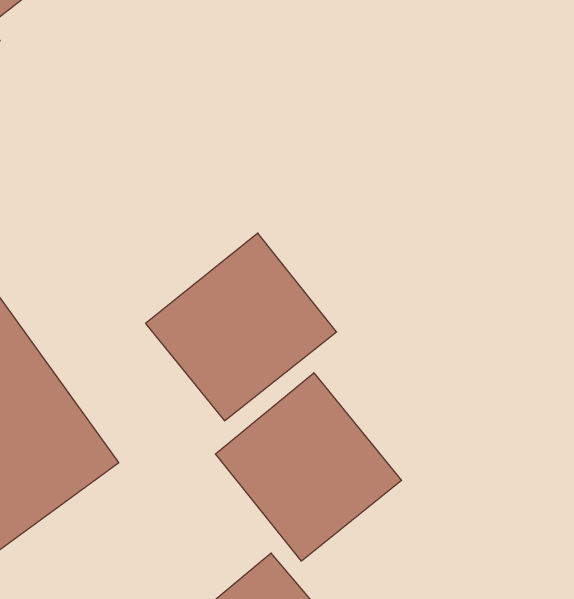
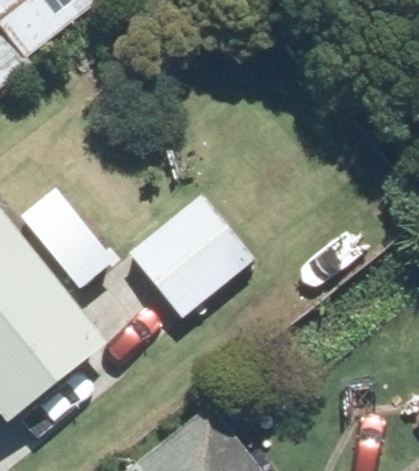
building: [215,373,401,561] -> none

